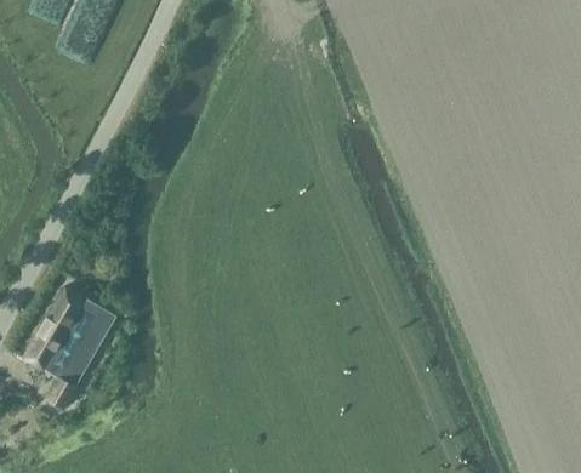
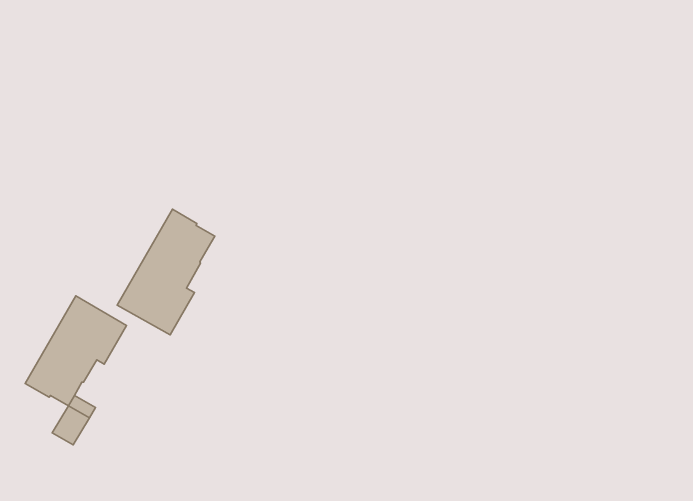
building: none -> [117,209,215,335]

